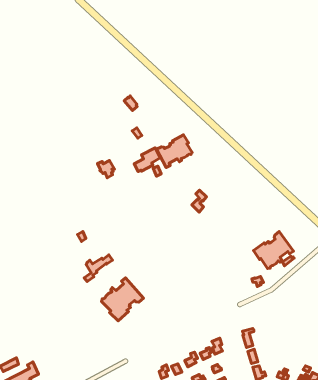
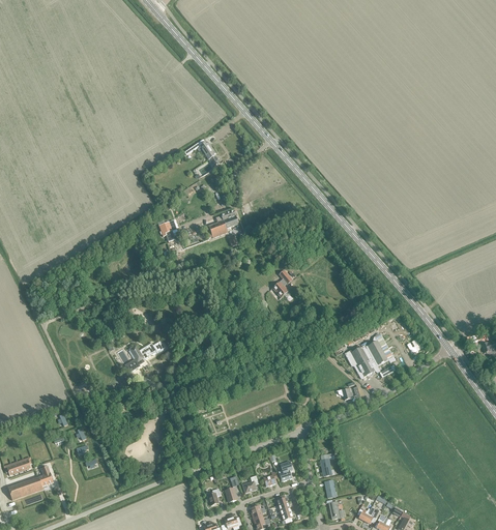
building: [156,135,192,167] -> none
building: [102,278,144,321] -> none

